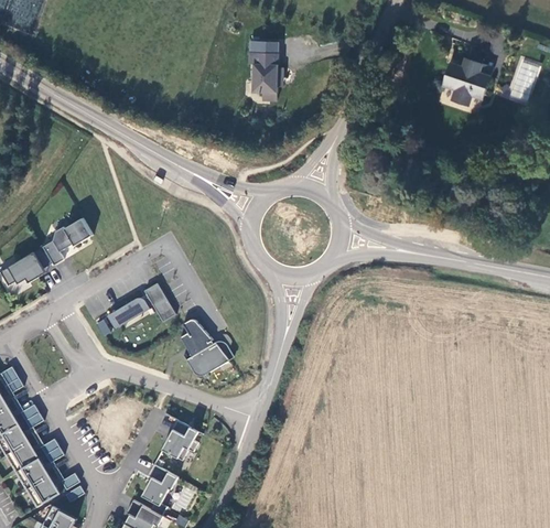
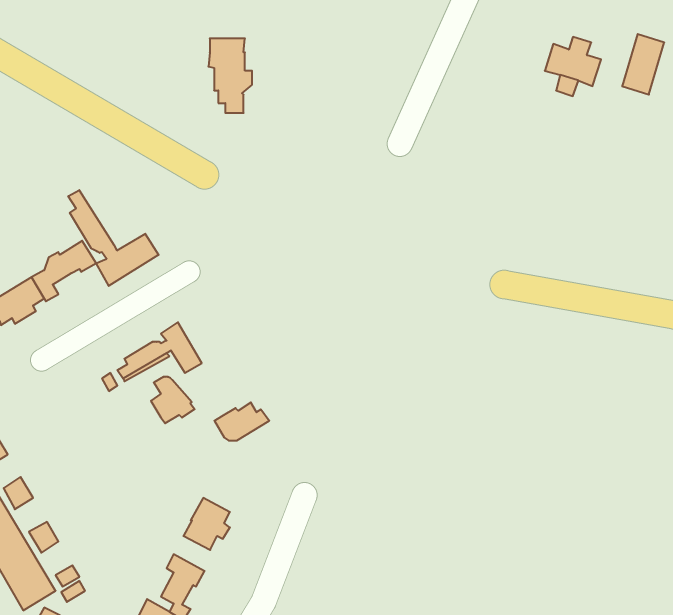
building: [249,42,283,100] -> [208,38,252,113]
building: none -> [68,190,159,286]
building: [181,320,215,356] -> [151,377,195,423]

